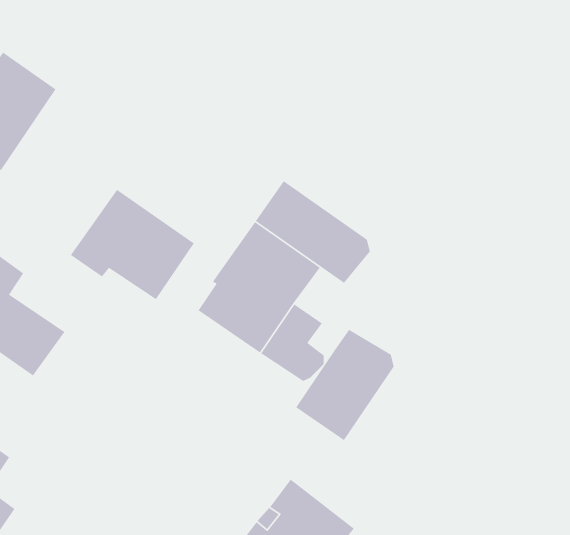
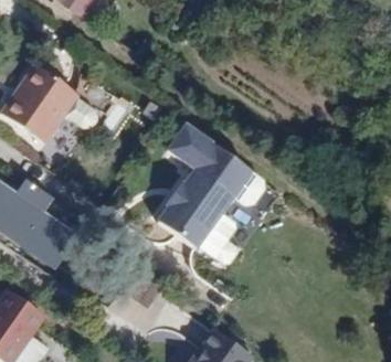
building: none -> [167,124,212,168]
building: [70,189,195,300] -> none
building: [295,329,395,441] -> none

